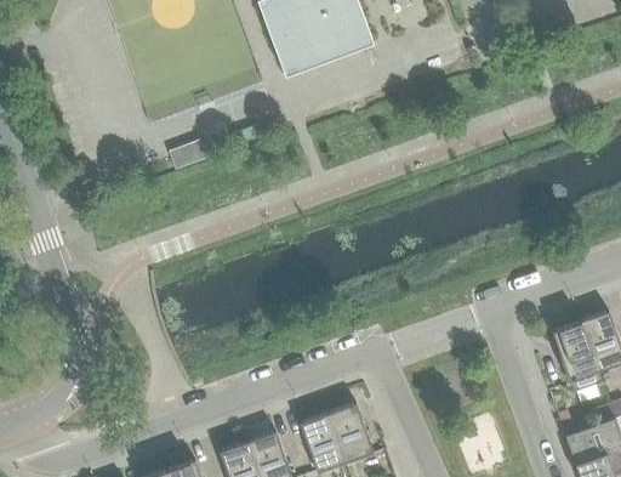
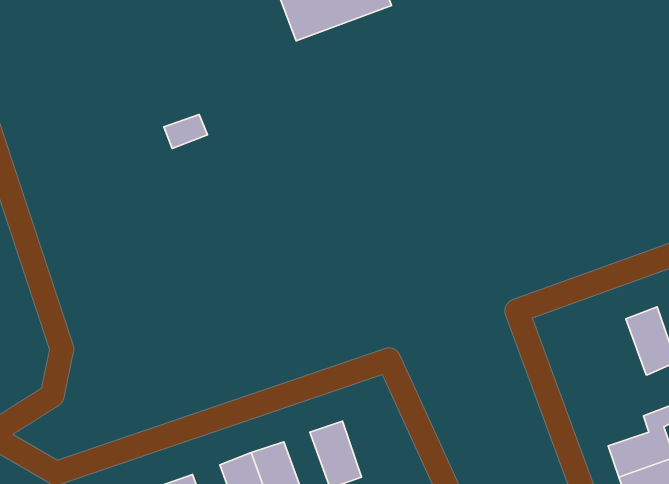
building: [553,322,604,392] -> none
building: [329,402,375,462] -> none

